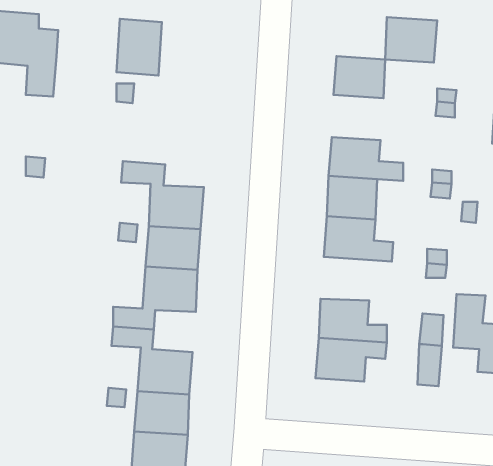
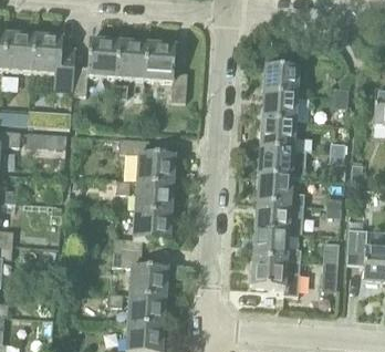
building: none -> [73,38,118,94]
building: [385,17,437,63] -> [263,92,299,123]
building: none -> [145,42,188,101]
building: none -> [256,203,304,232]

